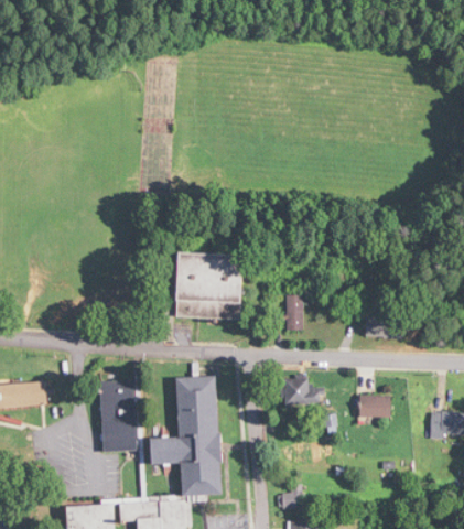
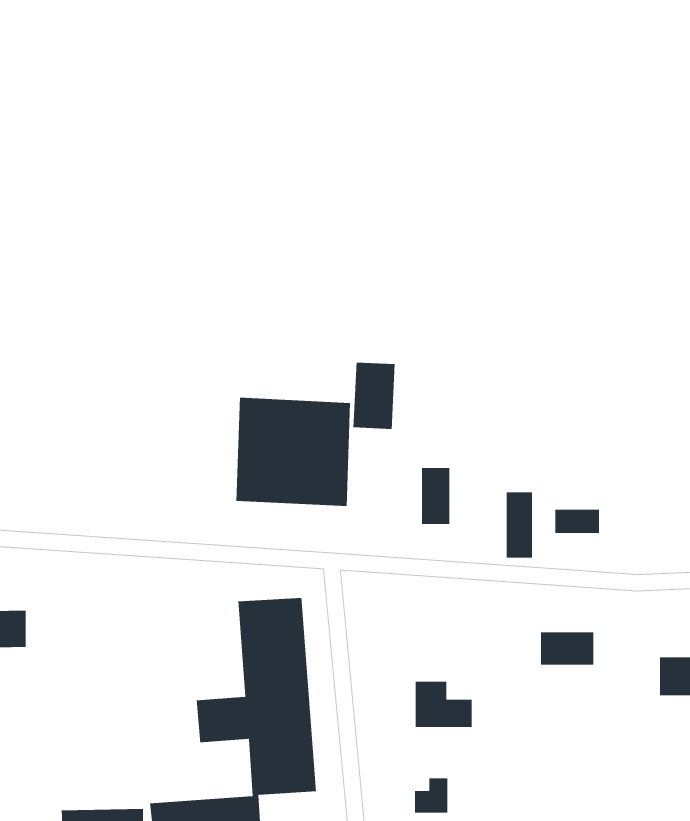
building: none -> [353,362,396,430]
building: none -> [506,491,533,558]
building: [288,376,323,404] -> [415,681,472,728]
building: [101,381,138,451] -> none

